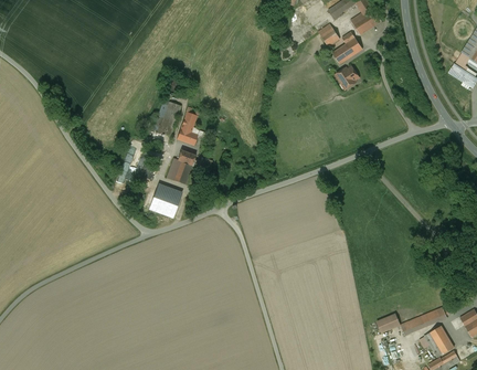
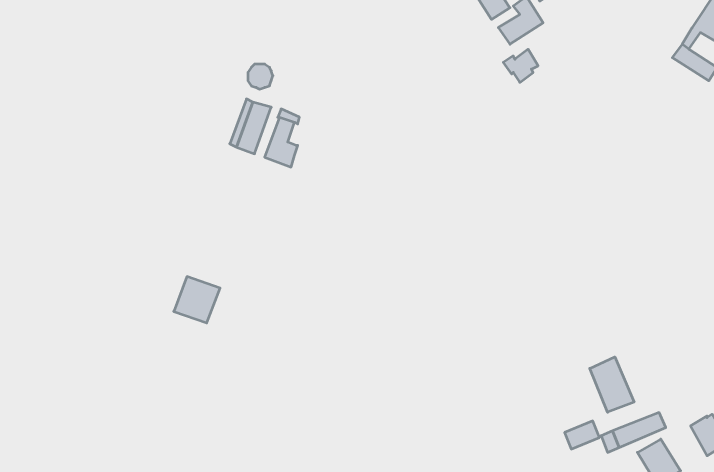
building: [167,150,212,184] -> none
building: [150,187,181,218] -> [174,277,220,323]
building: none -> [590,357,634,412]

